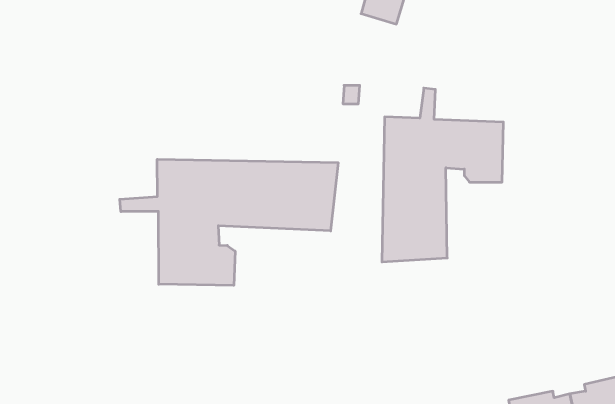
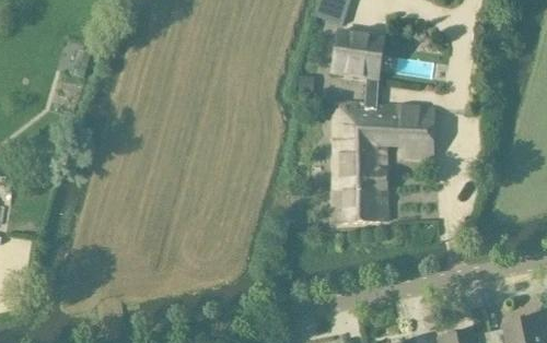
building: none -> [331,31,383,78]
building: [120,159,338,285] -> none

